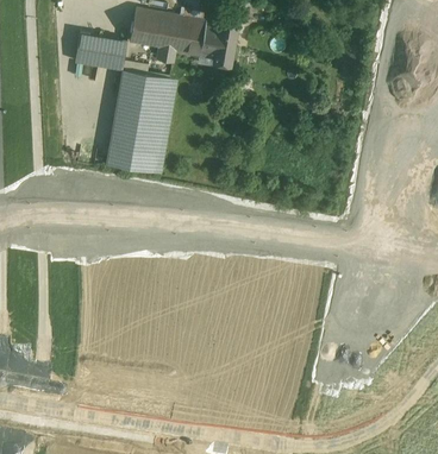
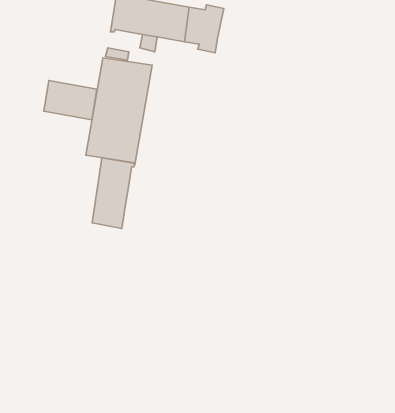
building: [77,33,129,71] -> [44,80,97,120]
building: none -> [92,158,135,229]

